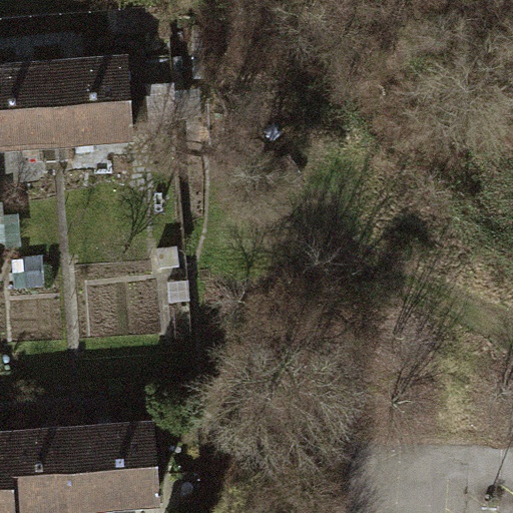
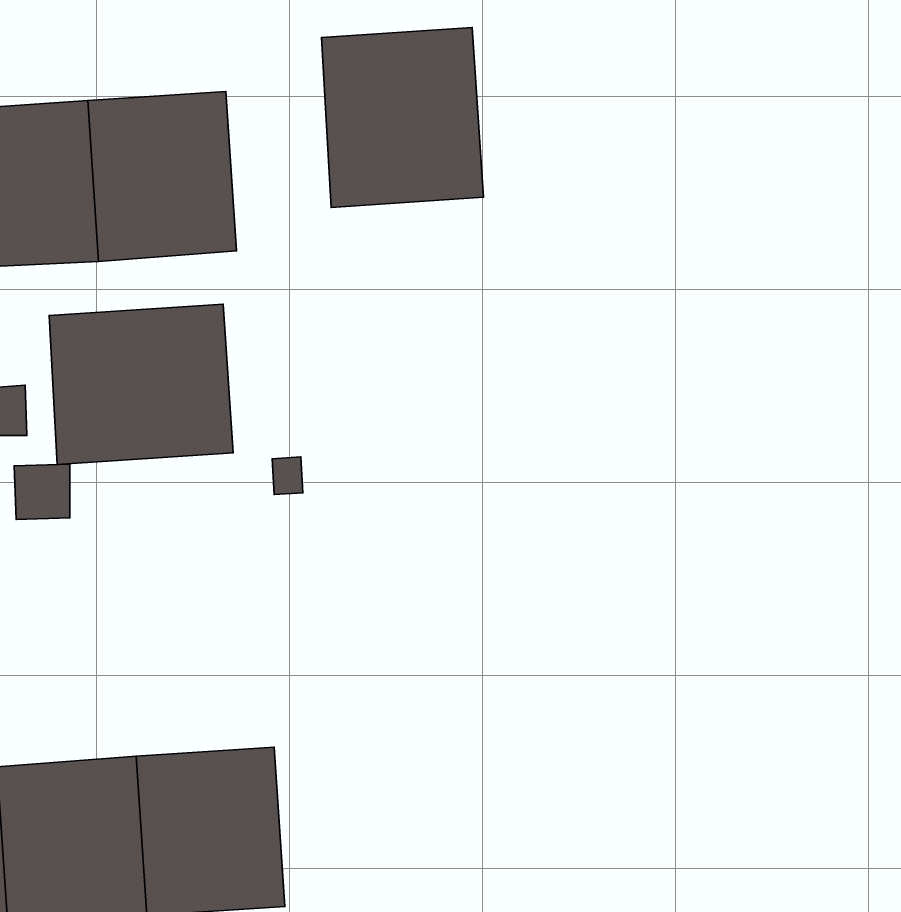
building: none -> [321,28,484,207]
building: none -> [49,304,233,464]

